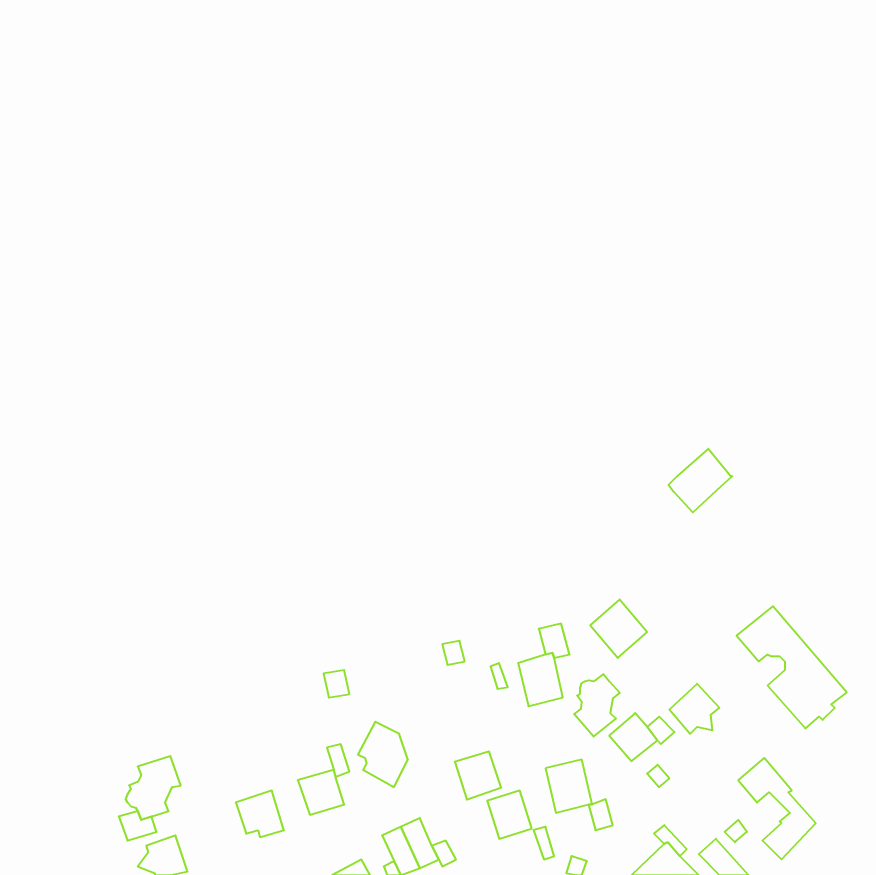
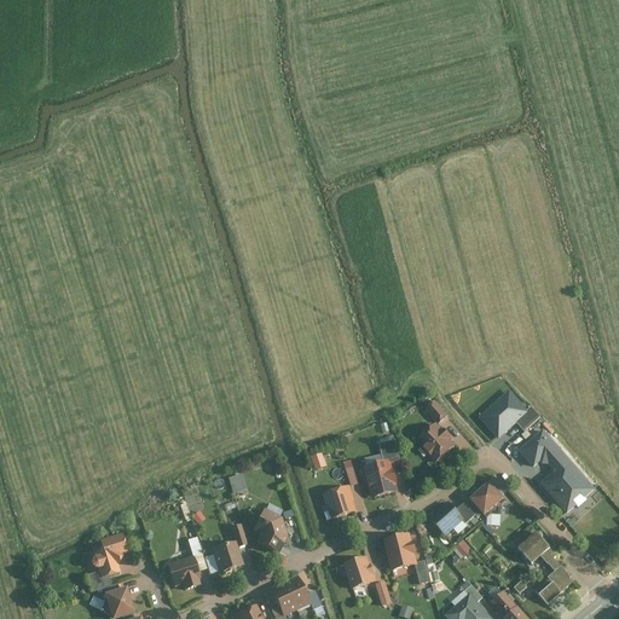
building: [669,449,732,512] -> [480,391,525,435]
building: [574,674,620,737] -> none
building: [455,751,501,800] -> [322,485,354,519]

